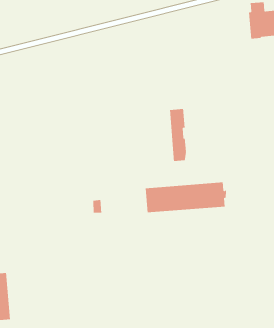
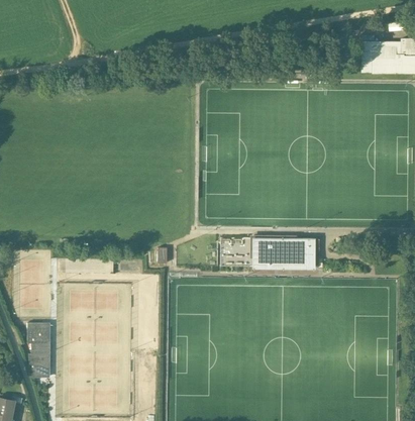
building: [169,108,186,162] -> none

